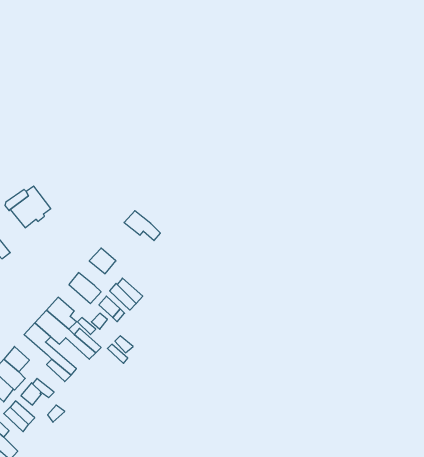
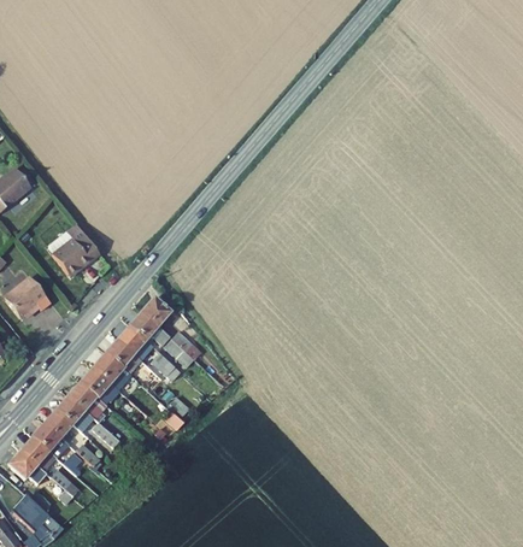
building: [124,211,160,241] -> [128,312,169,346]
building: none -> [105,339,141,374]
building: none -> [55,395,93,431]

